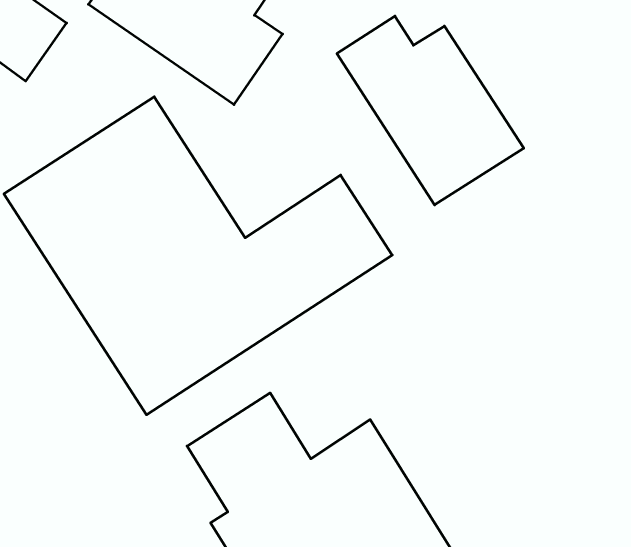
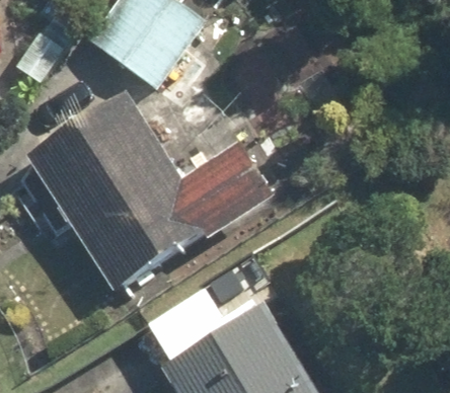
building: [337,16,524,205] -> none

